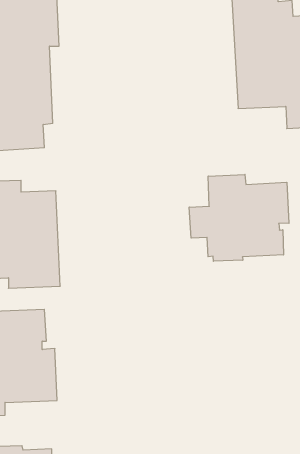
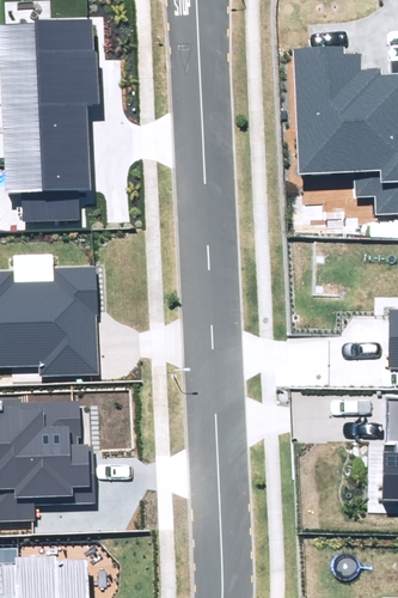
building: [189,174,289,261] -> none

